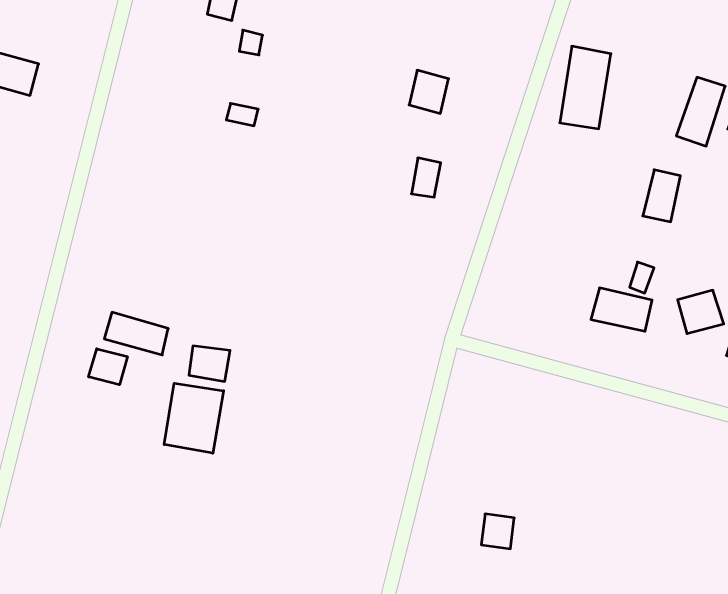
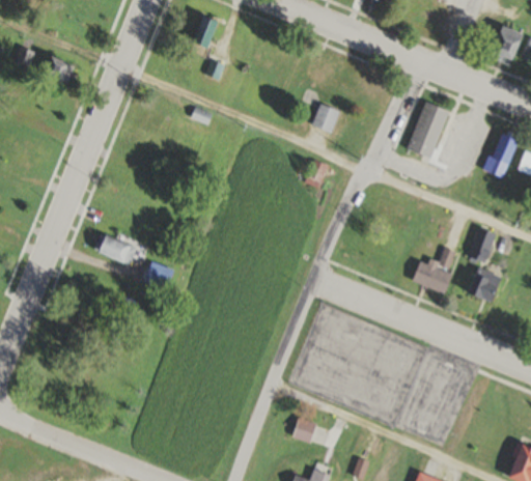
building: [643,170,680,222] -> [469,226,497,261]
building: [89,349,127,385] -> none
building: [164,383,224,453] -> none
building: [481,514,514,549] -> [294,418,317,443]

